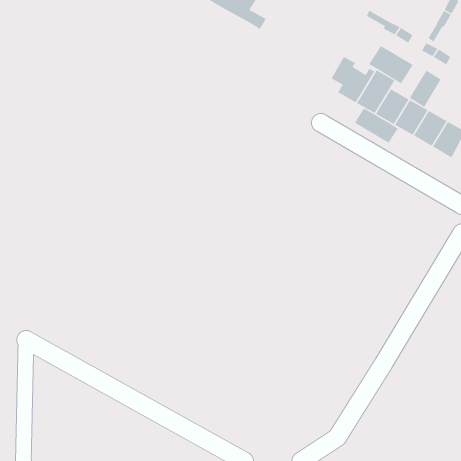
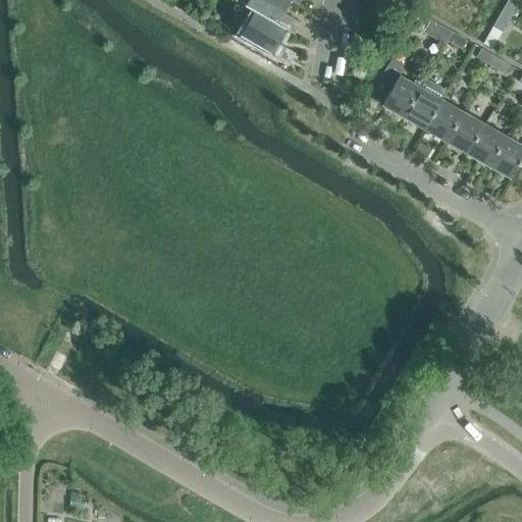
building: none -> [231,9,296,63]
building: [368,45,413,84] -> none
building: [409,70,441,108] -> none
building: [354,107,398,144] -> none

